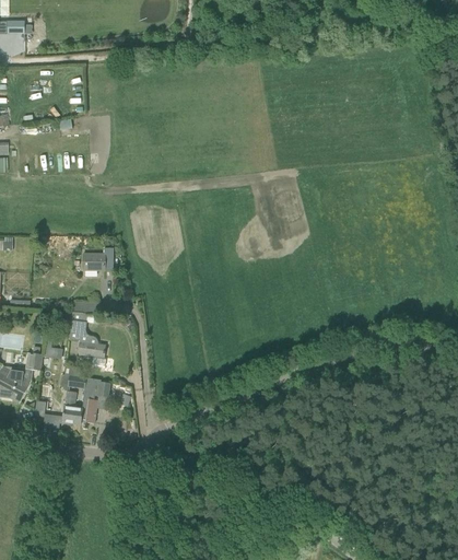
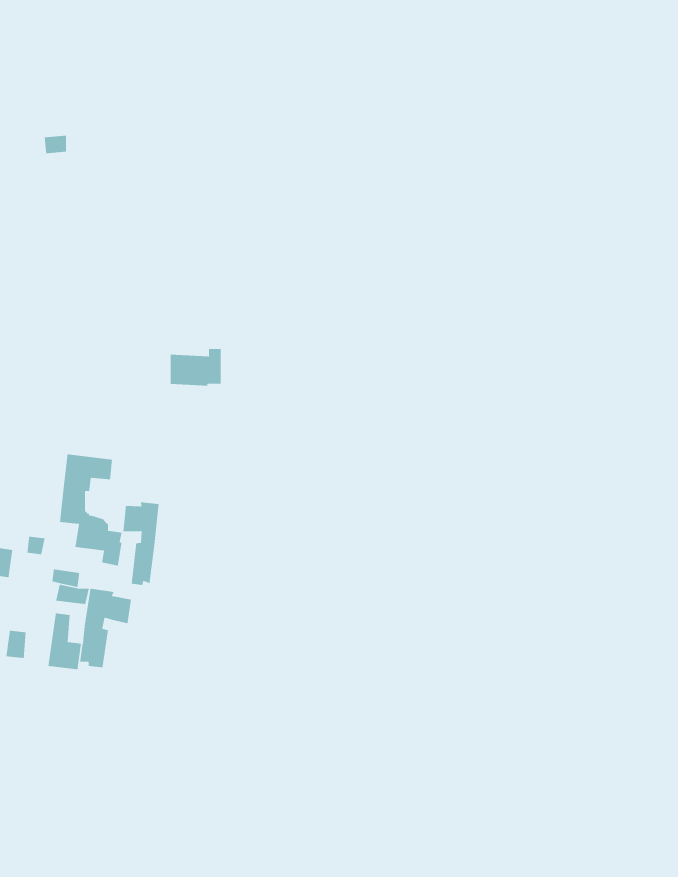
building: [83,248,113,270] -> [170,348,221,386]
building: none -> [122,501,160,592]

